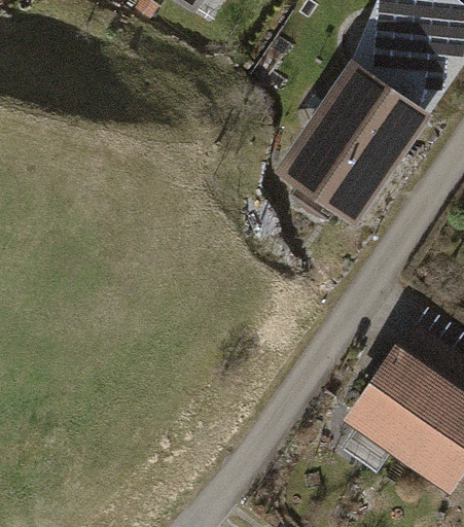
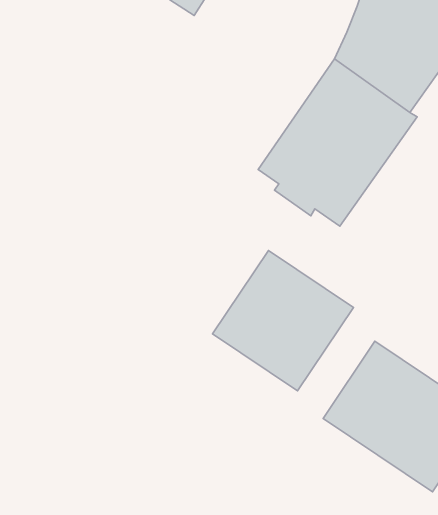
building: none -> [213,250,353,391]

